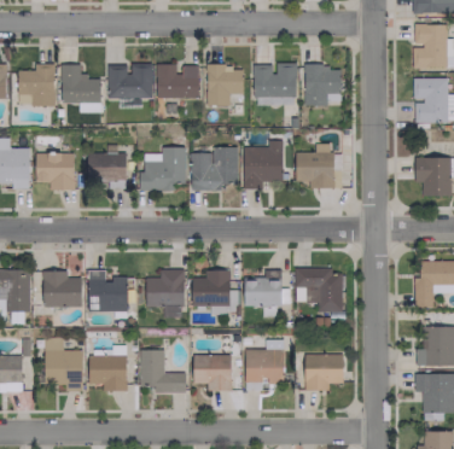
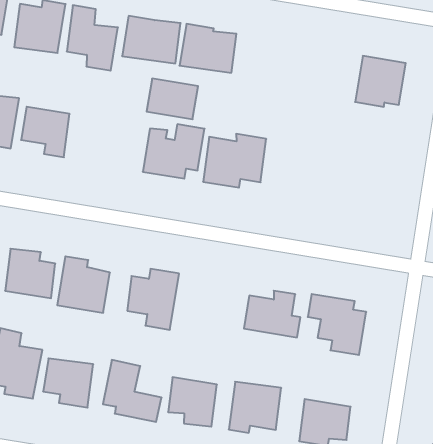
building: [254,63,297,105] -> none
building: [206,66,244,106] -> none
building: [244,140,285,189] -> none
building: [296,144,343,188] -> none
building: [88,153,127,181] -> [147,79,198,119]
building: [193,269,231,305] -> none

